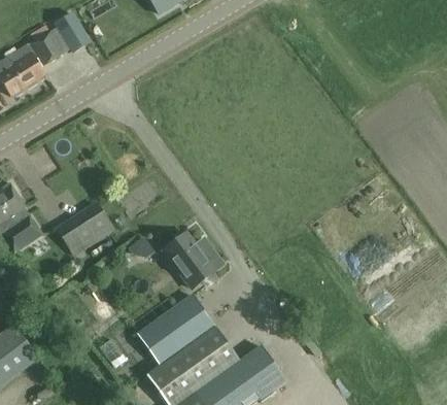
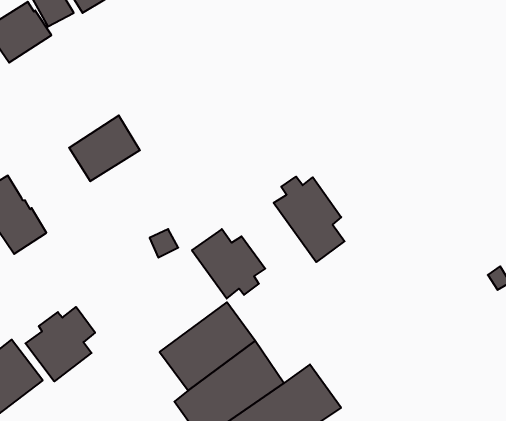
building: none -> [274,177,345,262]
building: [56,201,114,256] -> [69,115,140,181]
building: none -> [25,307,95,381]

